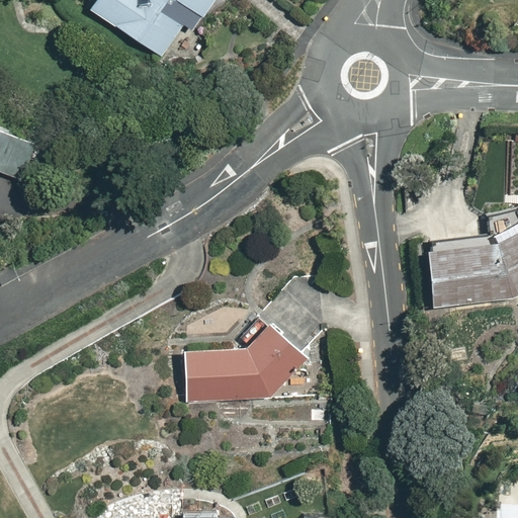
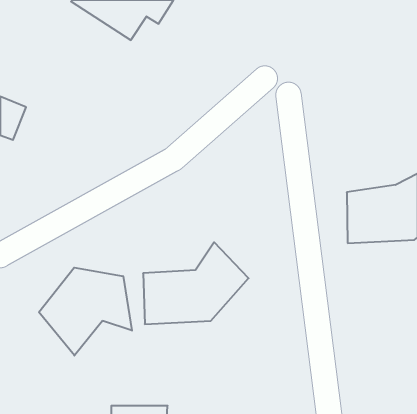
building: none -> [39,268,132,356]

